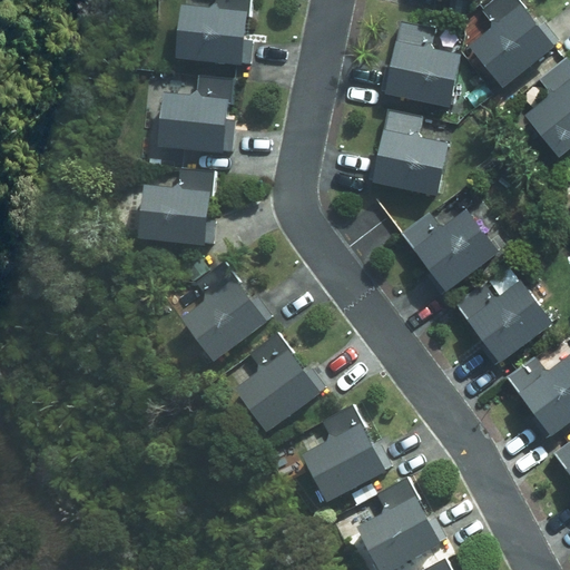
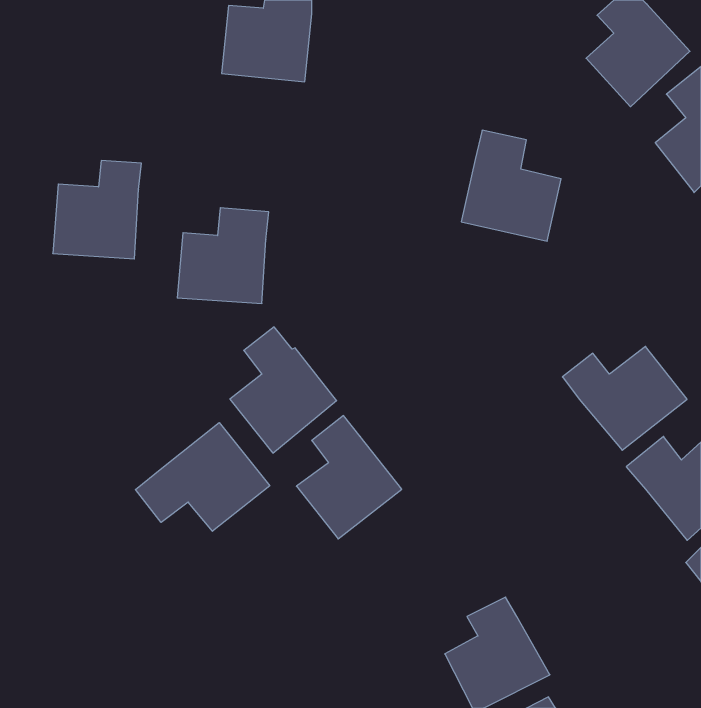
building: [385,21,461,105] -> none
building: [160,75,232,154] -> [53,161,141,259]
building: [399,207,498,291] -> none
building: none -> [135,423,270,531]
building: [303,406,384,501] -> none

